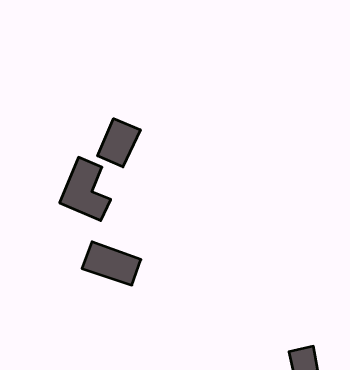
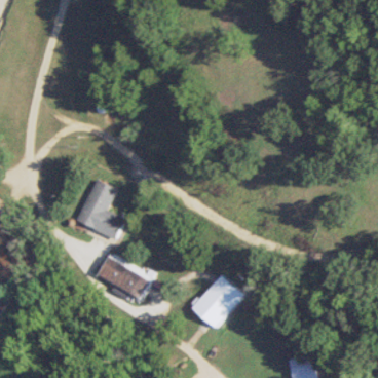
building: [98,119,140,167] -> none
building: none -> [190,274,242,328]

